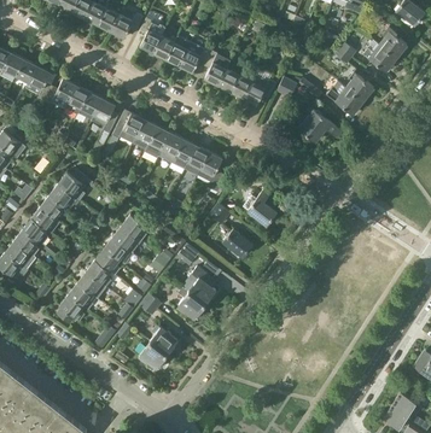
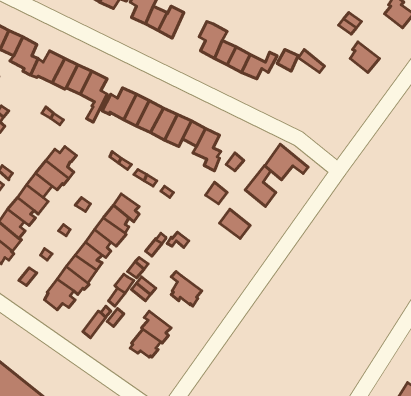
building: [362,40,396,71] -> none
building: [179,42,211,72] -> none
building: [326,81,363,113] -> none
building: [299,109,340,142] -> [265,144,308,180]
building: [182,267,216,305] -> none

